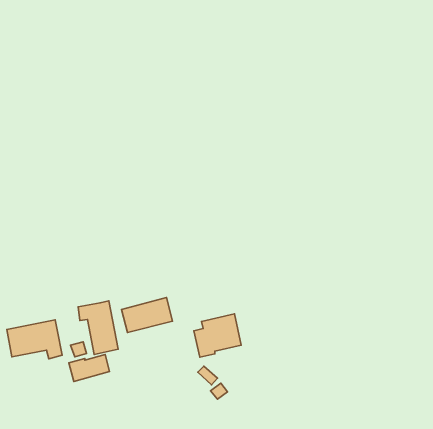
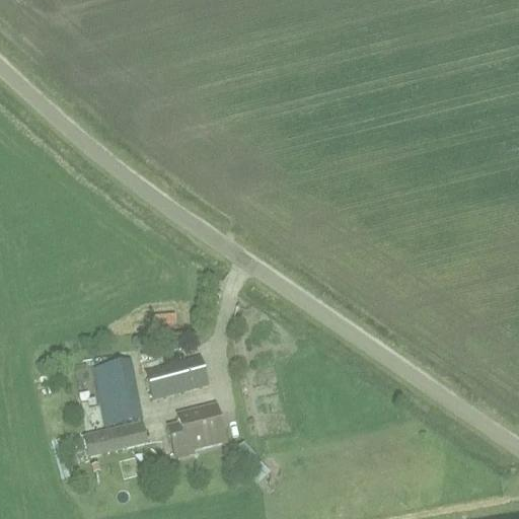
building: [194,314,241,357] -> [167,402,224,454]
building: [7,320,62,359] -> none

